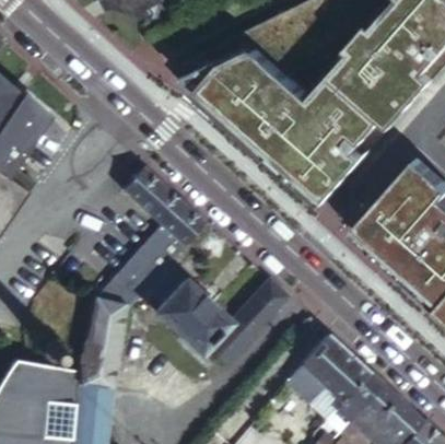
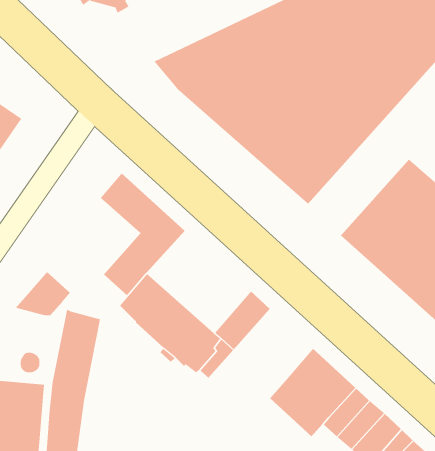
building: [95,266,149,308] -> [15,271,71,316]

